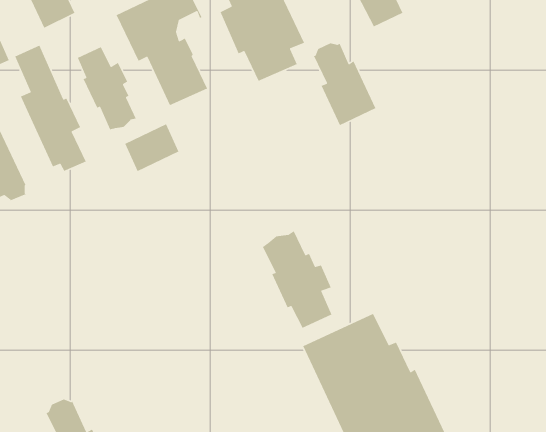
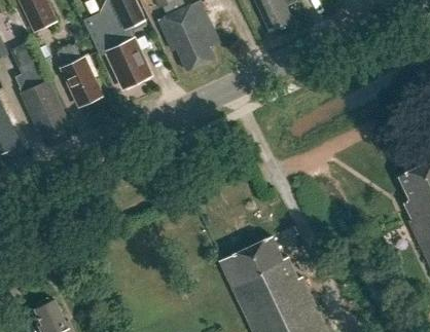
building: [313,42,376,126] -> none
building: [124,123,179,172] -> none
building: [262,230,332,329] -> none

